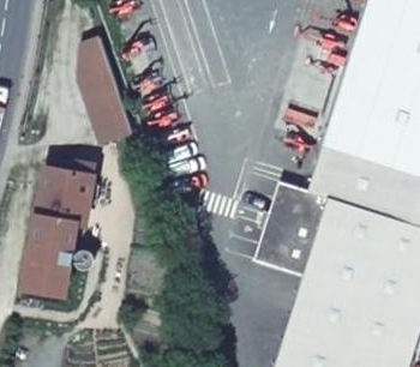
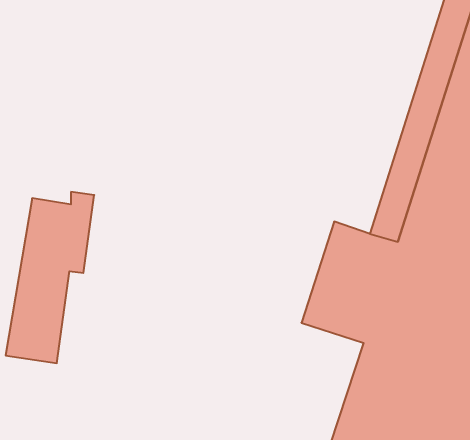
building: [78,36,128,140] -> none

